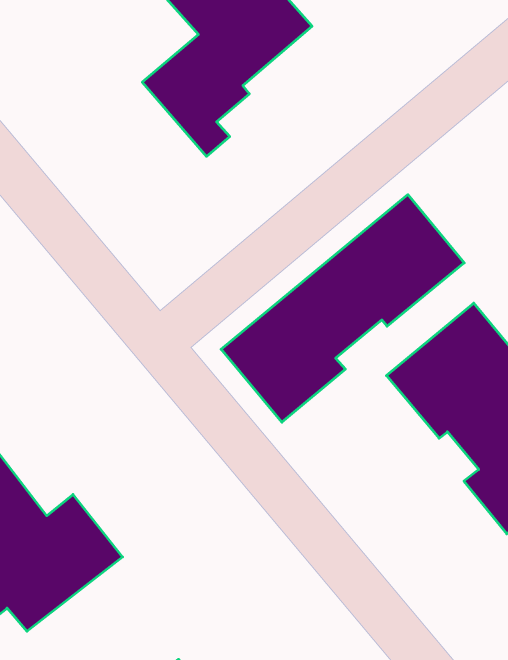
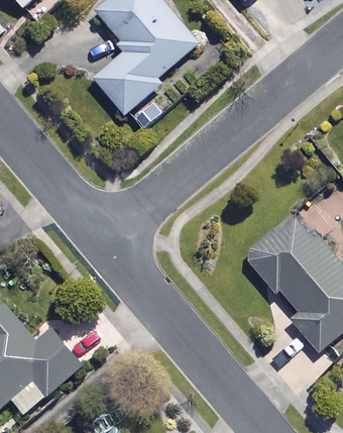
building: [221,195,464,422] -> none

